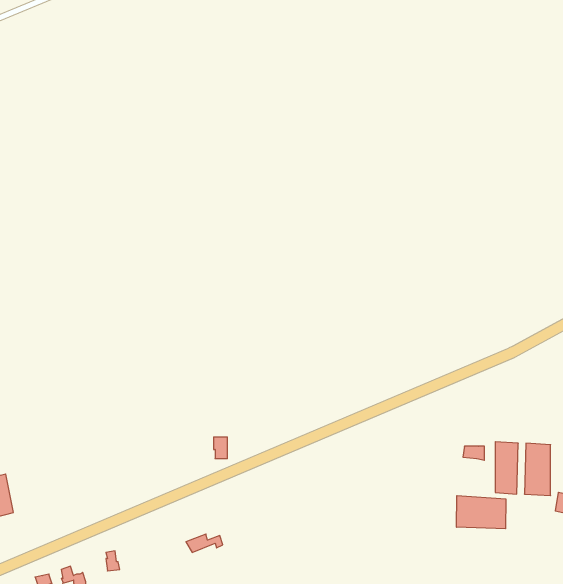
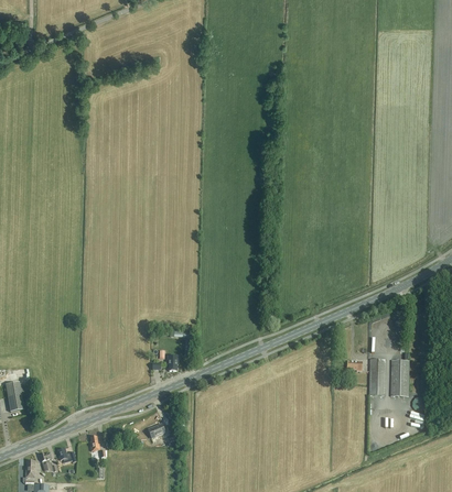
building: [457,496,506,529] -> none

